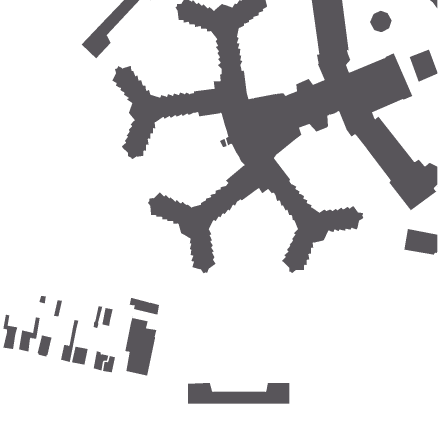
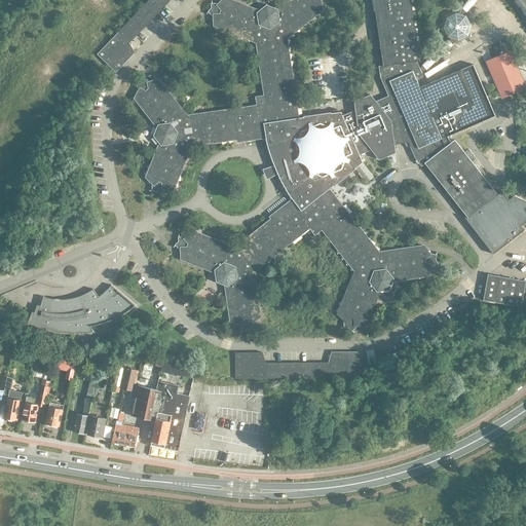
building: none -> [26,284,135,333]
building: none -> [130,384,155,420]
building: [187,383,290,404] -> [234,351,358,377]

